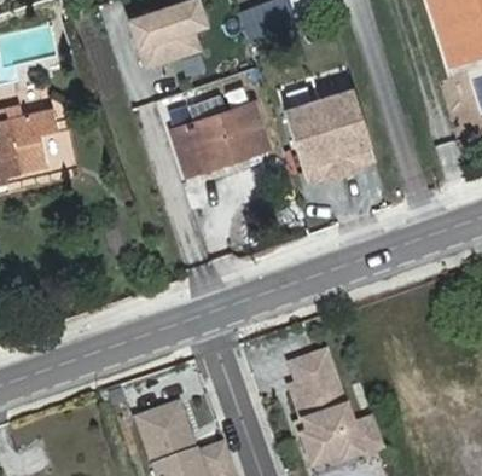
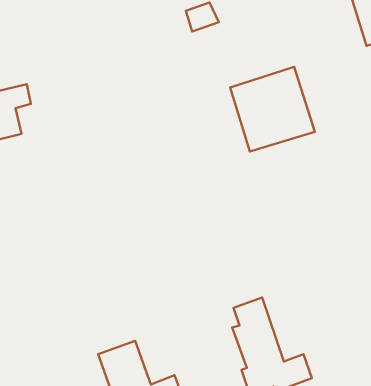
building: [128,13,215,64] -> none
building: [169,93,268,174] -> none

